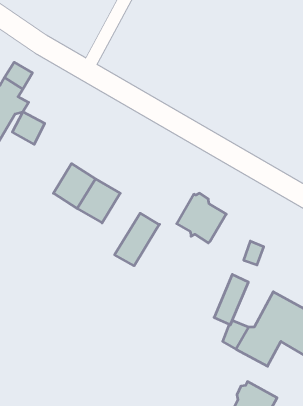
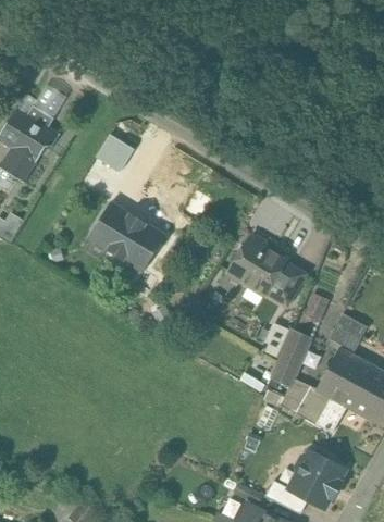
building: [12,112,45,144] -> [97,132,134,169]
building: [115,213,160,266] -> none
building: none -> [267,261,304,303]
building: none -> [329,312,367,350]

